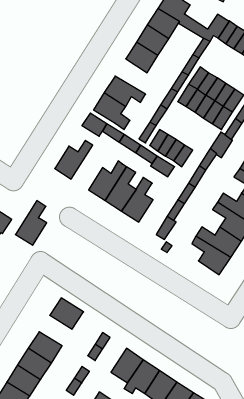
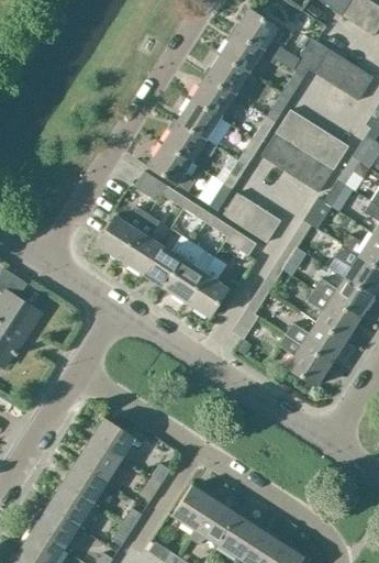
building: none -> [178,98,233,145]
building: [15,201,47,245] -> [120,213,161,273]
building: none -> [77,440,121,481]

